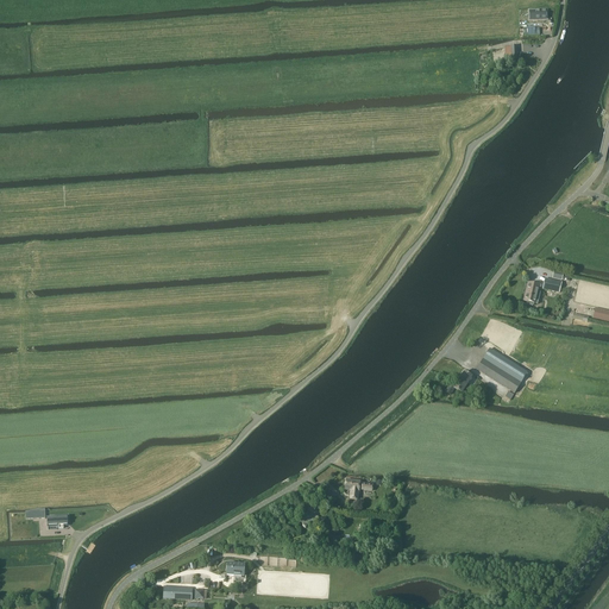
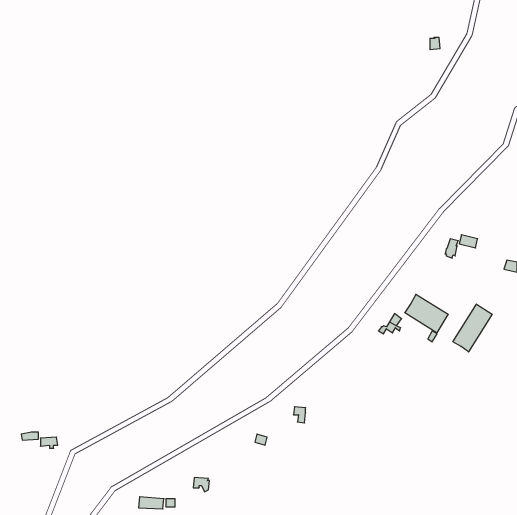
building: none -> [453,304,492,352]

